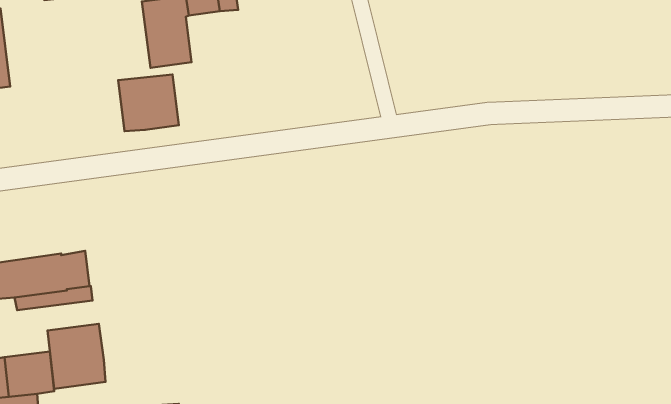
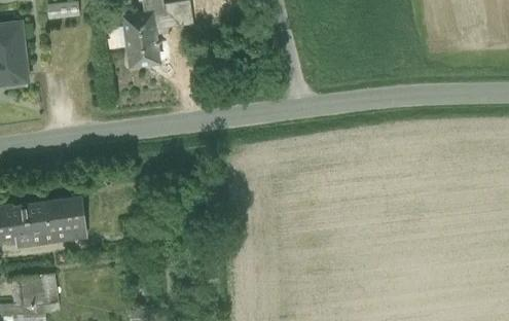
building: [118,74,179,131] -> none
building: [48,324,105,389] -> none

